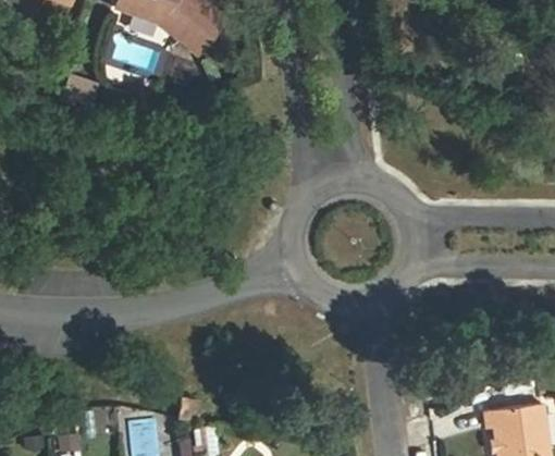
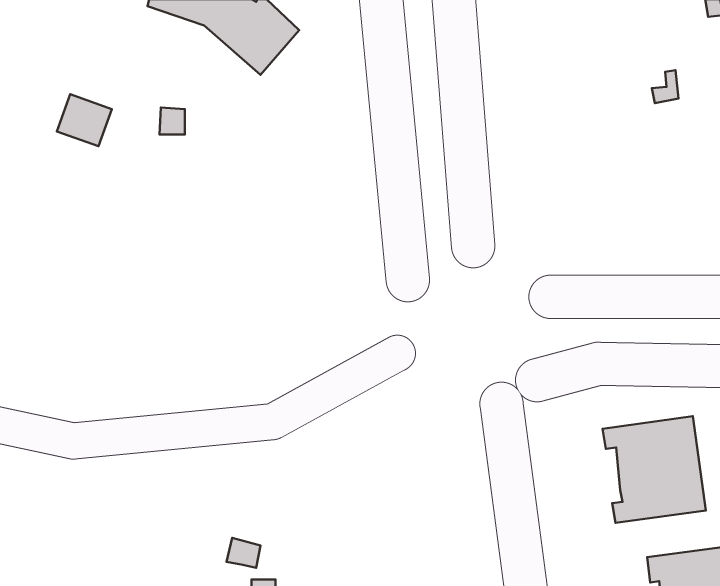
building: none -> [602,416,706,523]

